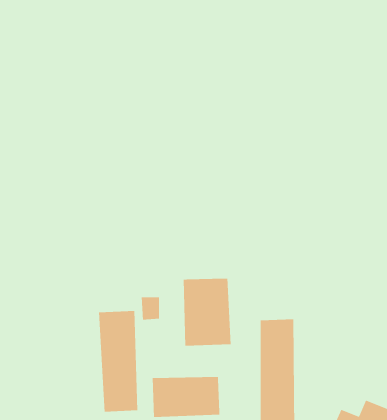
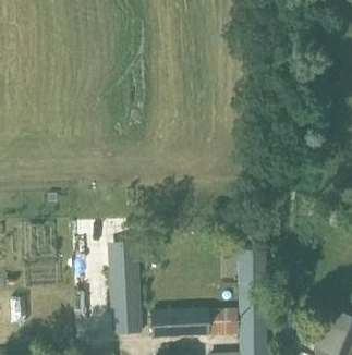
building: [183,278,231,347] -> none
building: none -> [205,308,238,335]

